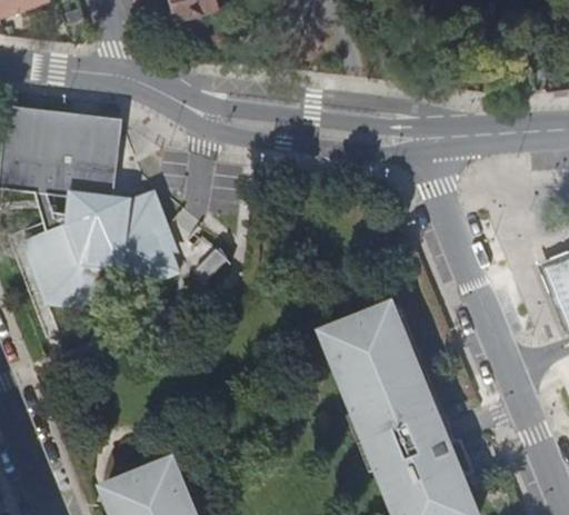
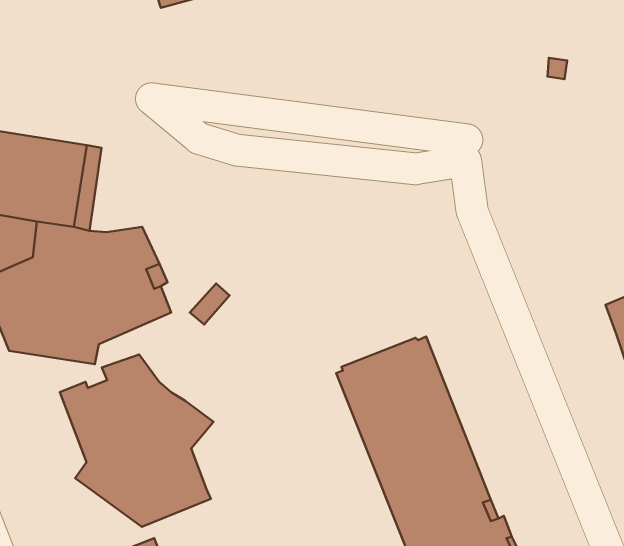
building: none -> [60,354,213,527]

